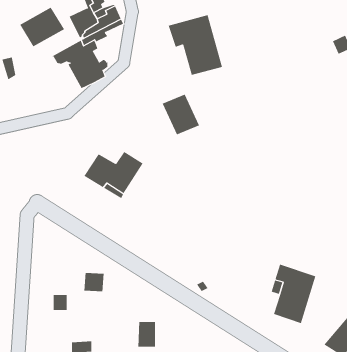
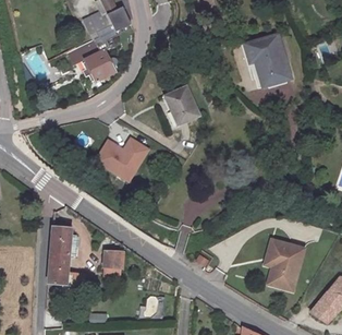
building: [19,7,65,47] -> none
building: [168,14,223,76] -> [243,33,292,87]
building: none -> [45,225,65,280]

